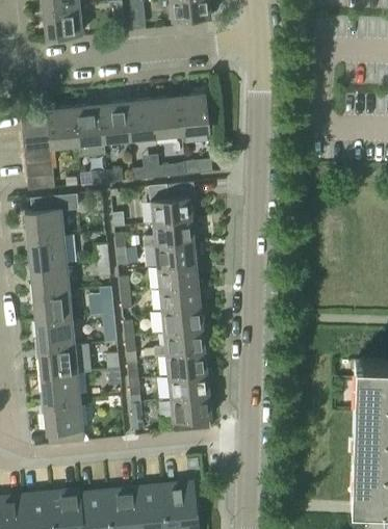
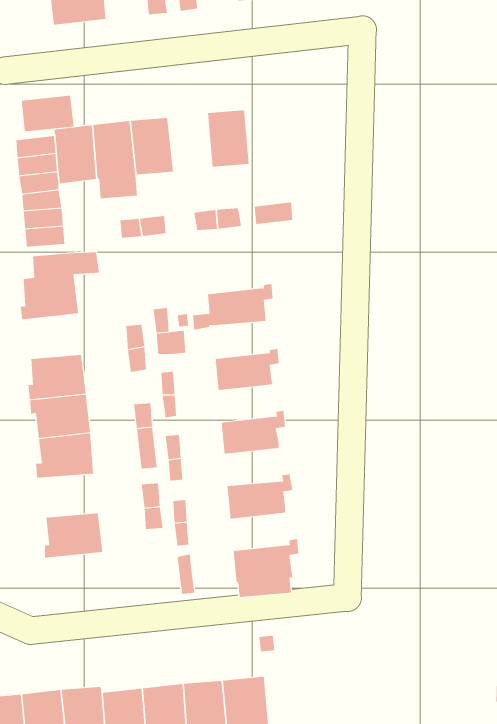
building: none -> [21,95,74,132]
building: [179,92,209,133] -> none
building: [126,98,156,138] -> none
building: [150,182,197,222] -> none
building: [25,236,67,267] -> none
building: [155,237,201,267] -> none
building: [160,281,205,311] -> none
building: [155,324,210,356] -> none
building: [35,346,78,376] -> none
building: [169,368,214,399] -> none
building: [41,400,84,444] -> none

